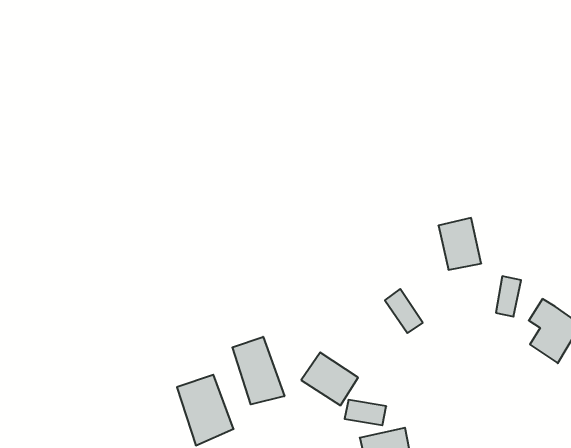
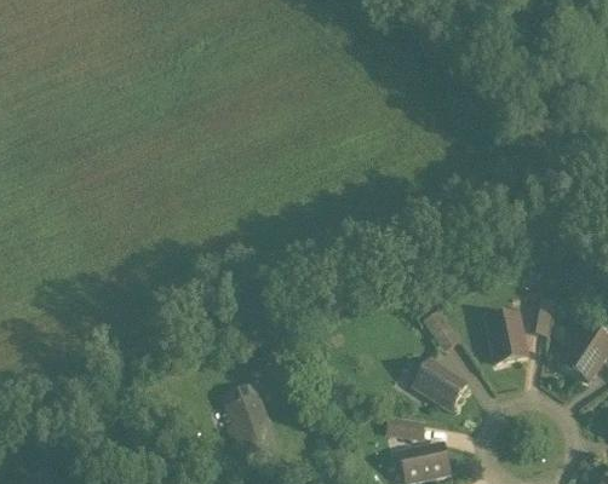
building: [438,218,481,270] -> [487,313,528,363]
building: [232,337,284,404] -> none
building: [301,352,358,405] -> [413,359,468,410]

